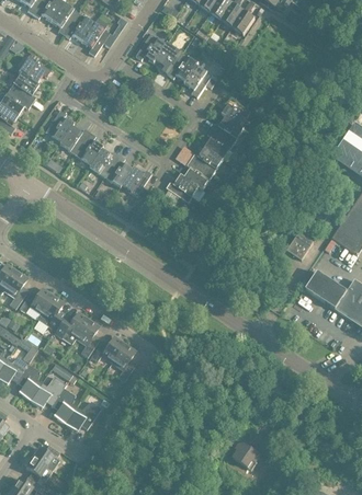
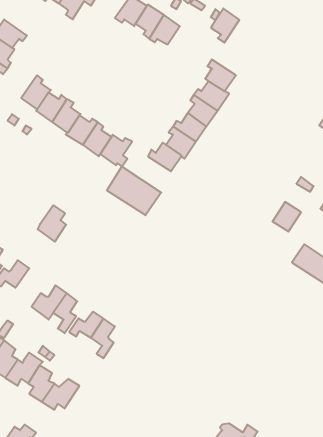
building: [183,62,211,95] -> [211,8,239,43]
building: none -> [107,166,161,215]
building: [36,293,64,329] -> [38,205,66,242]

